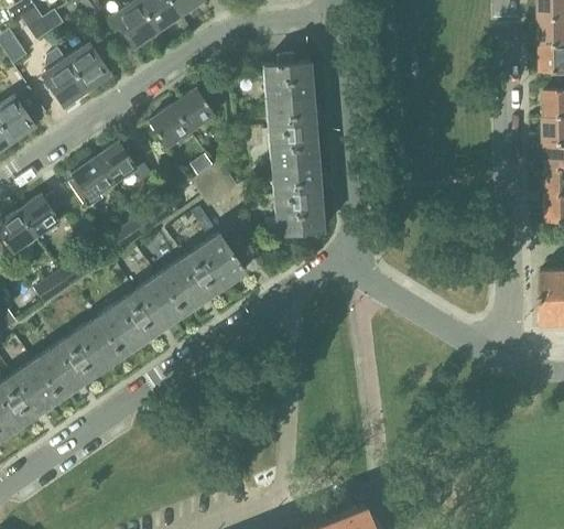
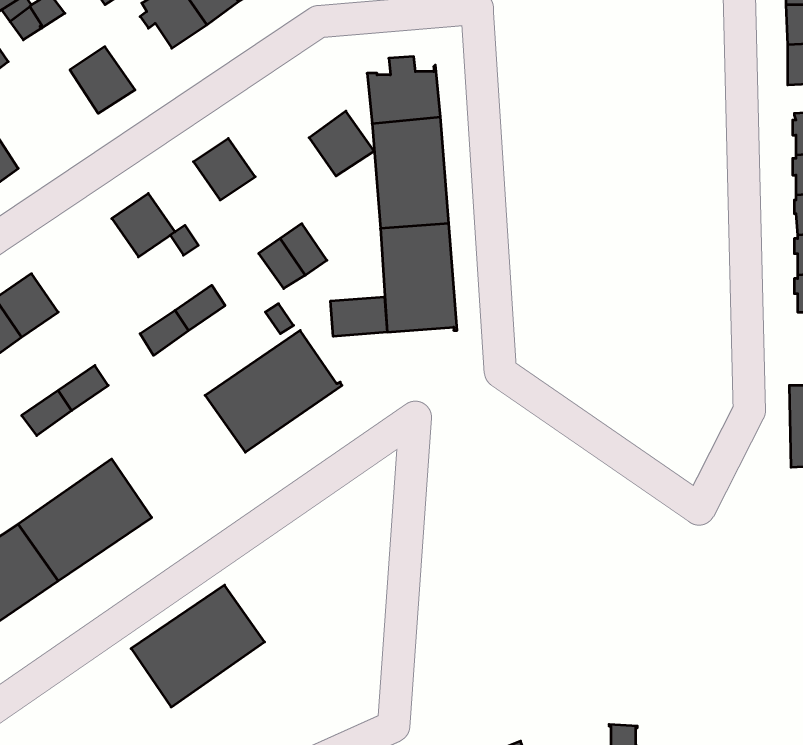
building: [45,48,87,105] -> none
building: [173,88,216,131] -> [309,111,374,176]
building: [69,159,113,209] -> none
building: none -> [331,297,387,336]
building: [96,276,184,356] -> [131,585,265,707]

